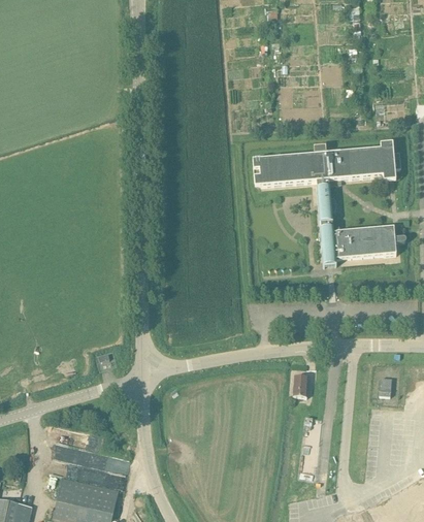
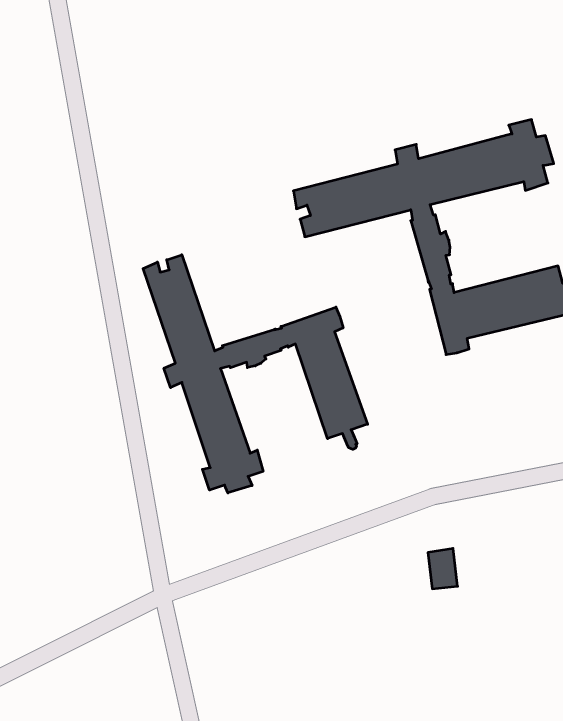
building: none -> [143,255,368,493]

